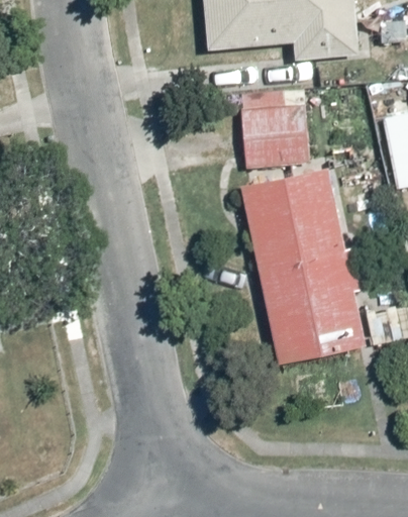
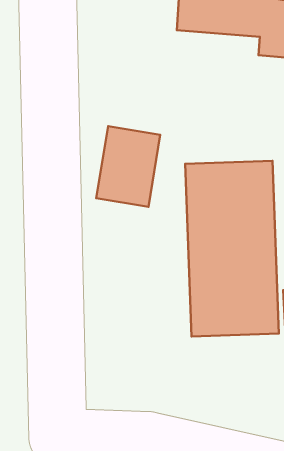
building: [241,91,297,168] -> [96,126,160,207]

